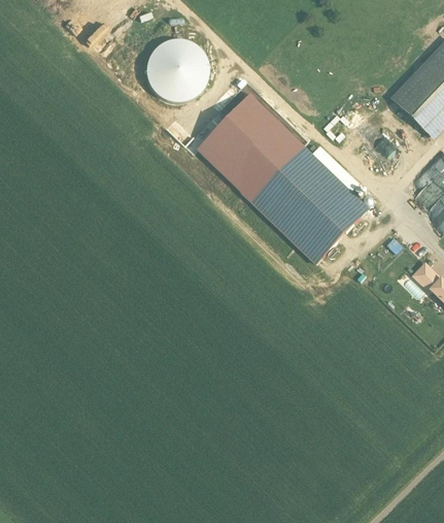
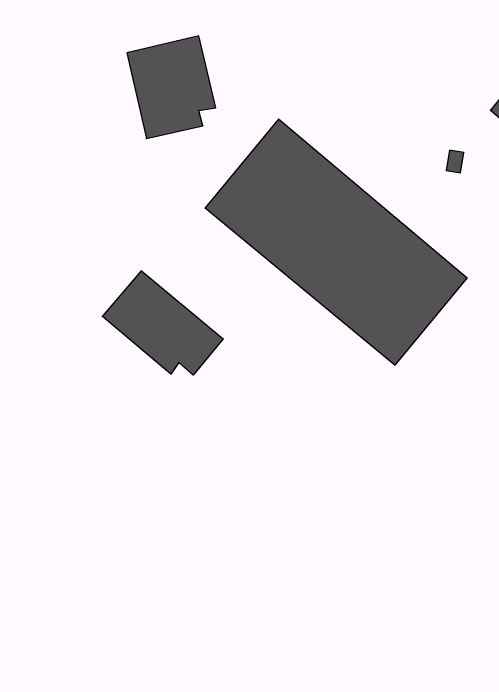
building: none -> [102,271,223,375]

